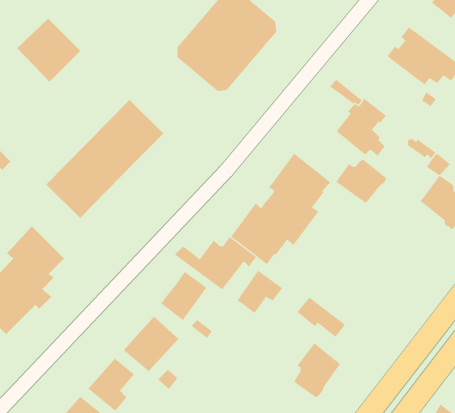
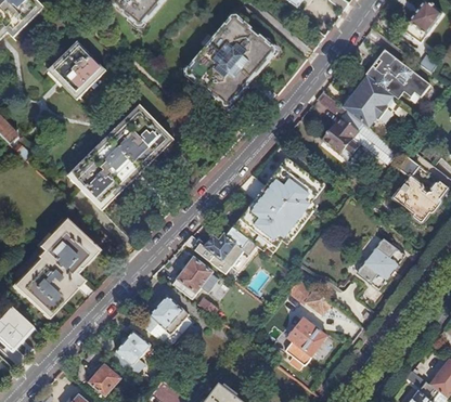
building: none -> [343,75,394,127]
building: [335,159,386,204] -> none
building: none -> [357,238,405,289]
building: [237,270,283,314] -> none

